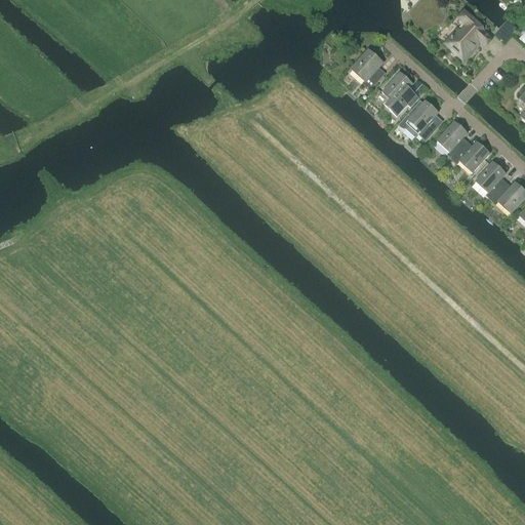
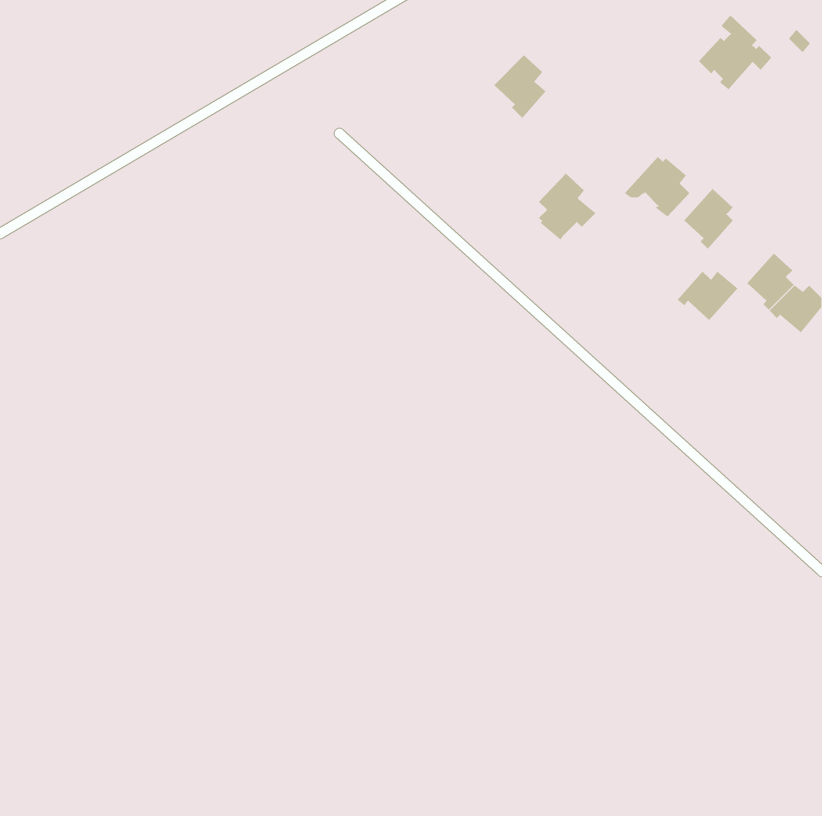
building: [351,48,385,89] -> [493,54,547,119]
building: [382,72,419,115] -> [538,173,596,240]
building: [451,140,490,172] -> [677,271,738,321]

